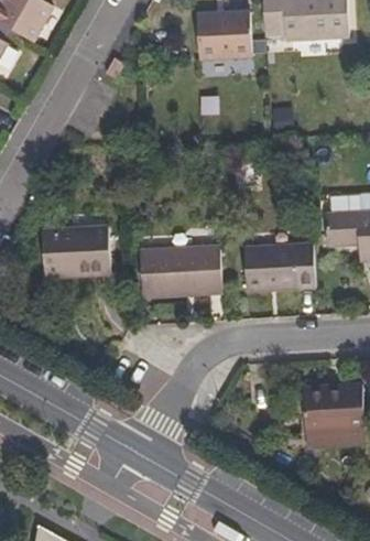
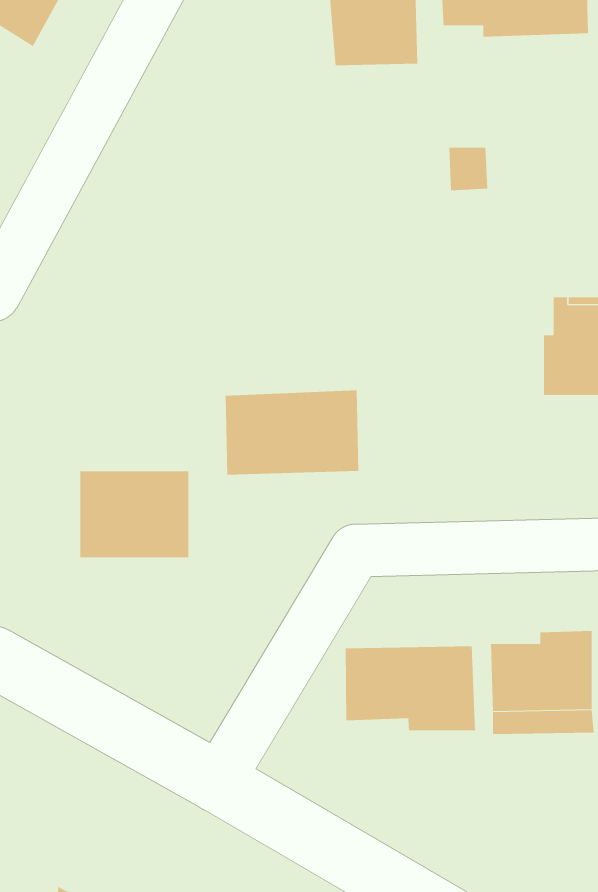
building: [43,224,107,274] -> [79,471,189,558]
building: [244,244,311,288] -> none
building: none -> [345,646,476,731]

